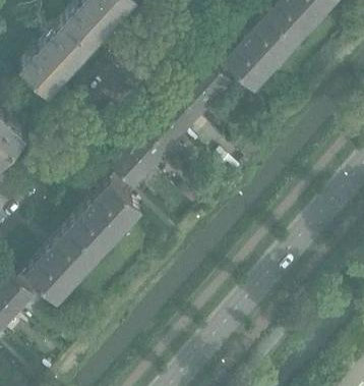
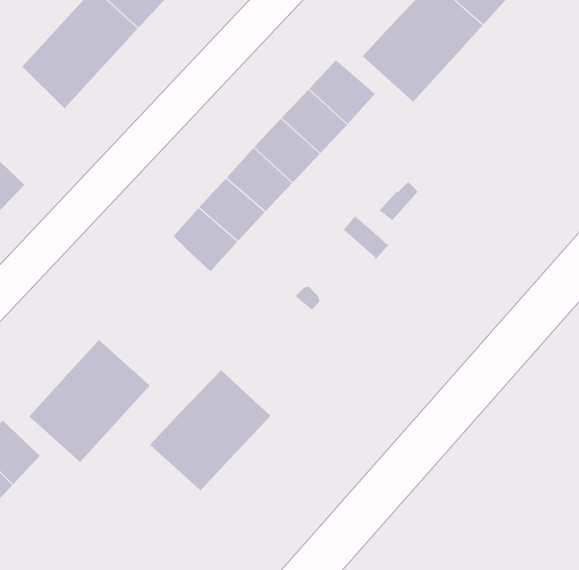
building: [66,186,138,259] -> [149,369,271,491]

